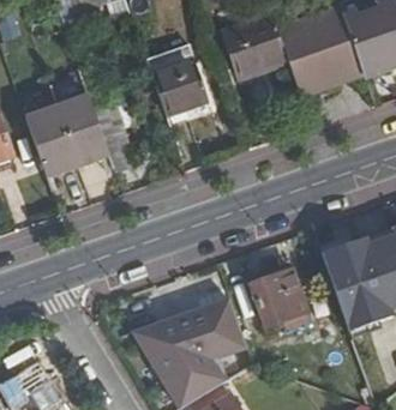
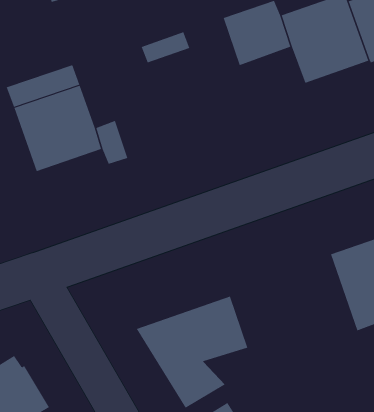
building: [152,61,206,115] -> none
building: [251,267,307,326] -> none

